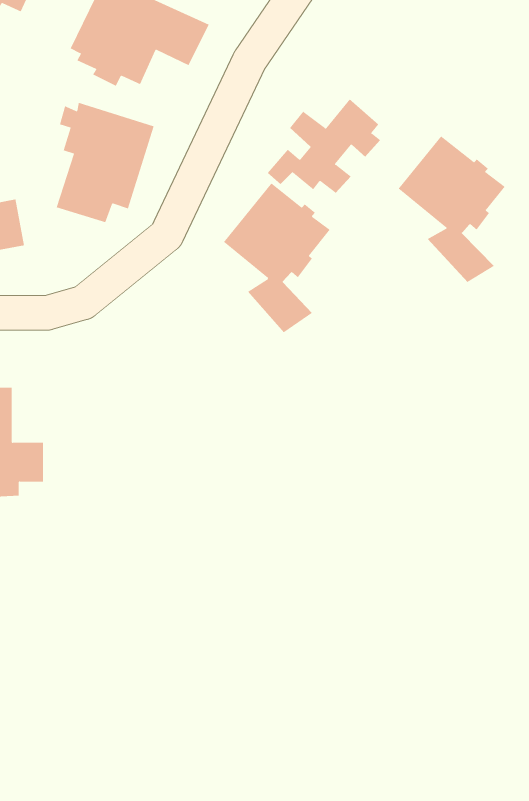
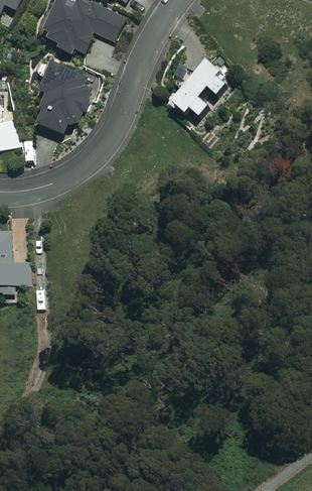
building: [398,135,505,283] -> none
building: [223,183,331,333] -> none

